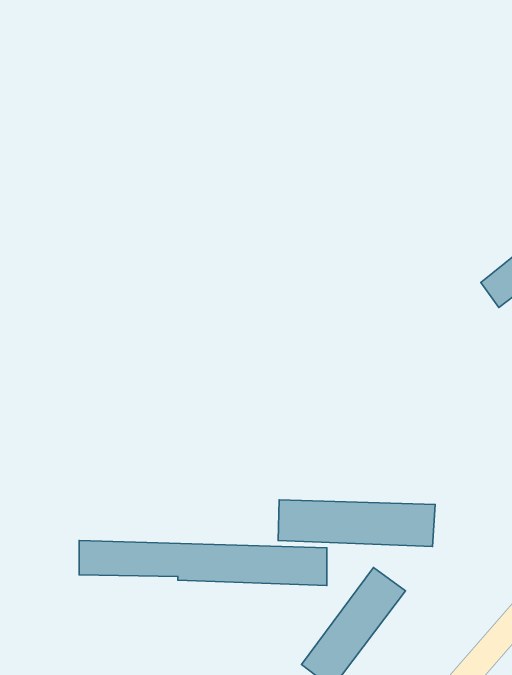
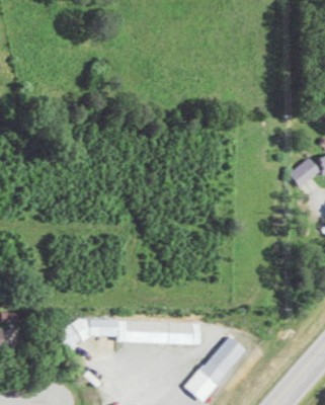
building: [278,500,435,546] -> none

